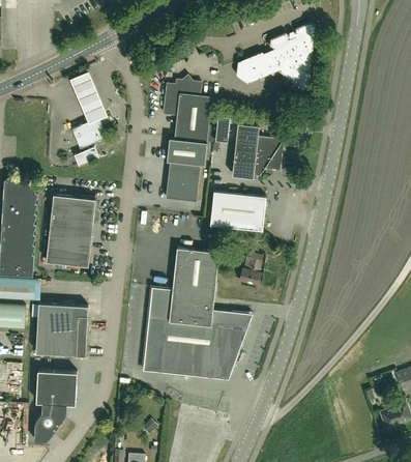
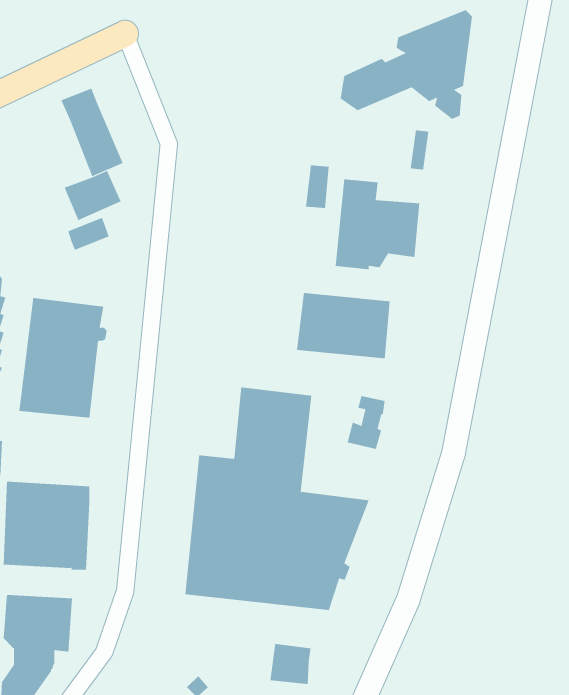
building: [163,80,211,166] -> none
building: [165,168,199,202] -> none
building: none -> [270,643,311,685]

